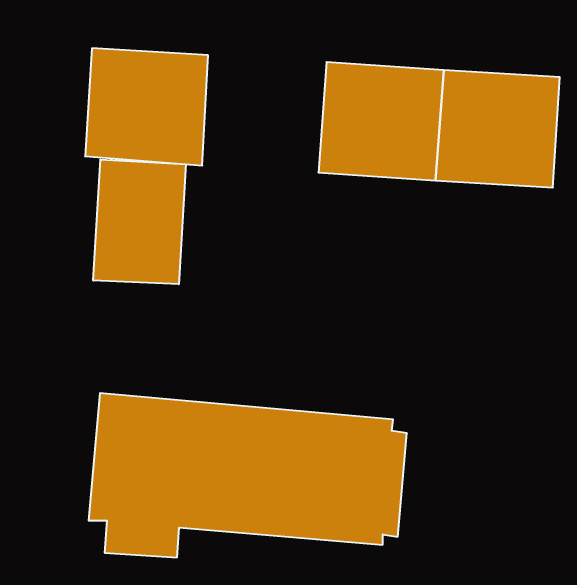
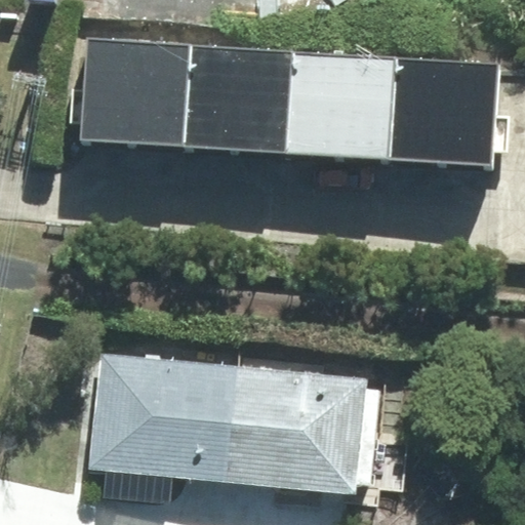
building: none -> [190,49,300,154]
building: [93,159,186,284] -> none

